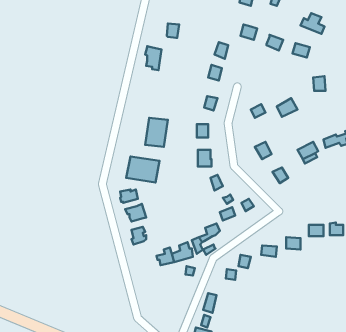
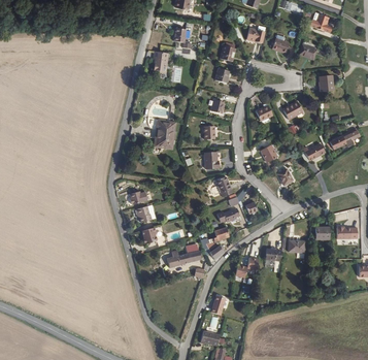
building: [126,156,160,182] -> none

